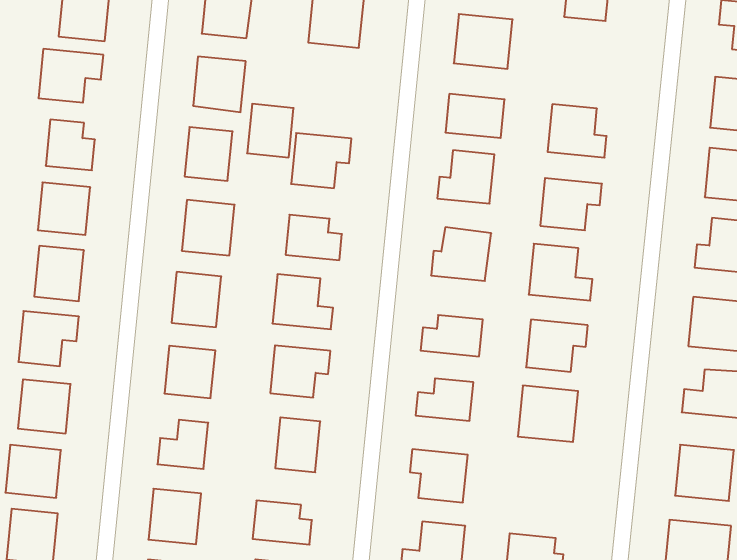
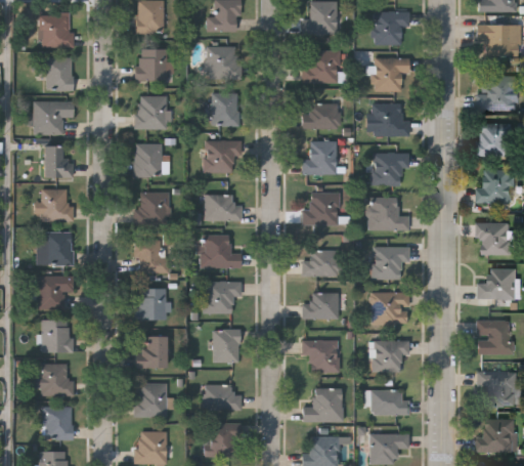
building: none -> [375,58,410,92]
building: [247,104,294,157] -> [211,93,238,126]
building: none -> [370,340,408,372]

